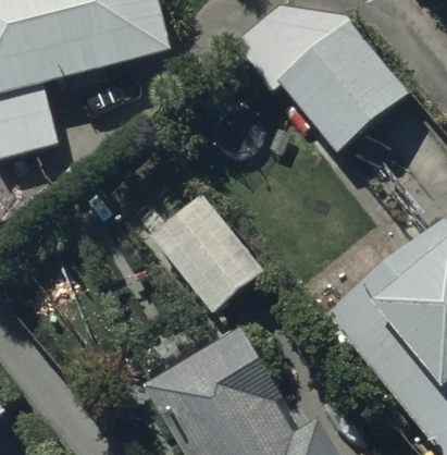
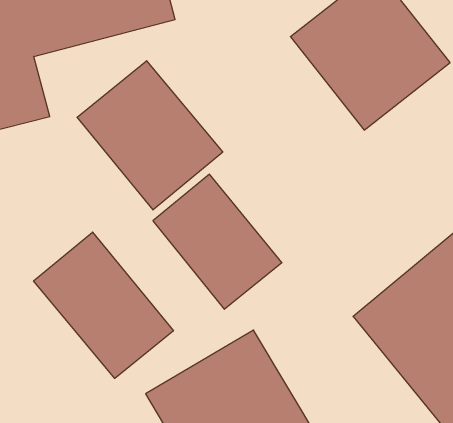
building: none -> [77,61,223,210]
building: none -> [34,232,173,378]

